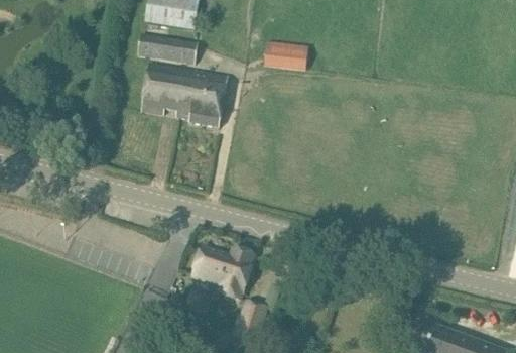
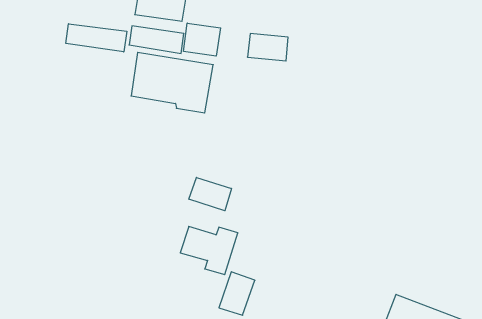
building: none -> [184,23,221,56]
building: none -> [66,24,127,52]
building: none -> [189,177,231,211]

